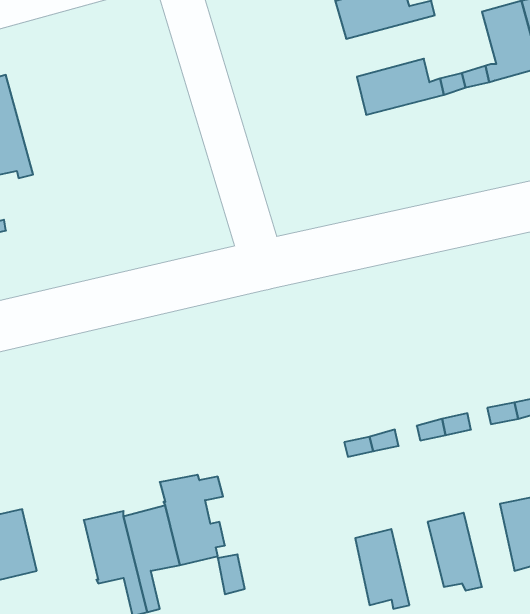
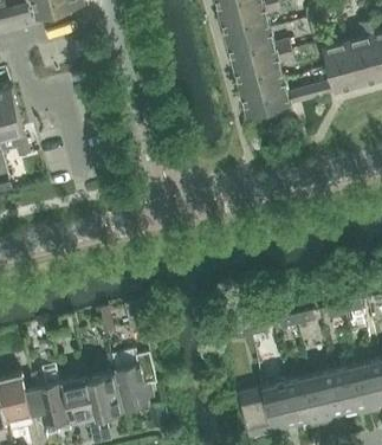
building: none -> [233,51,293,91]
building: none -> [310,370,343,425]
building: none -> [31,372,71,426]
building: none -> [263,382,297,437]

